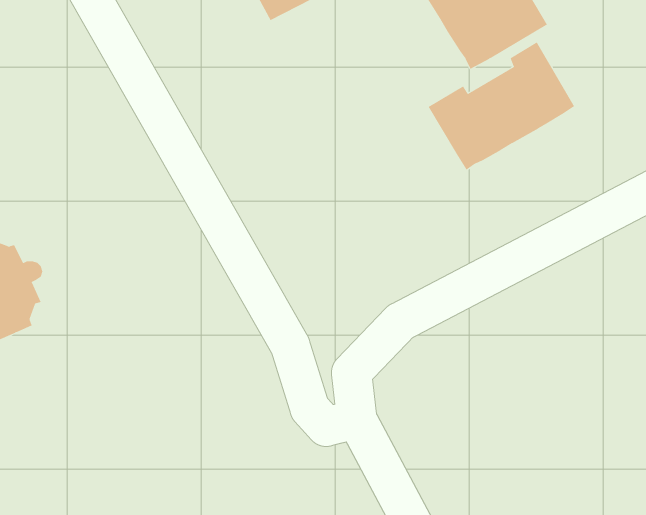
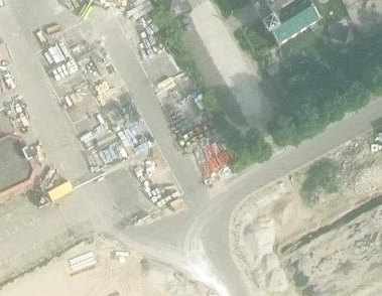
building: [428,41,575,170] -> none

